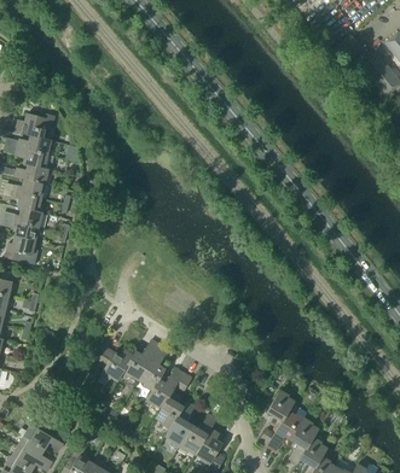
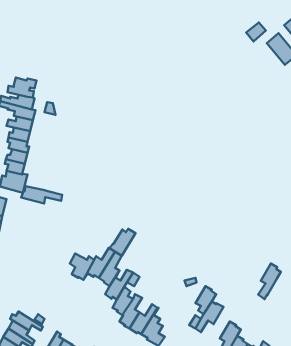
building: none -> [21,186,62,203]
building: none -> [110,229,136,256]
building: [288,417,318,465] -> [258,264,281,299]

